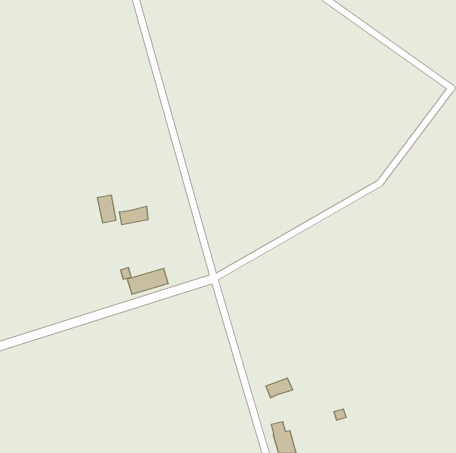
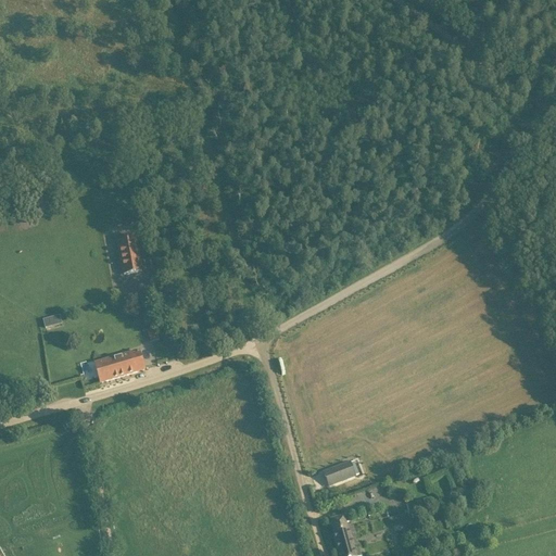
building: [119,206,148,225] -> none
building: [127,268,168,294] -> [94,349,144,380]

